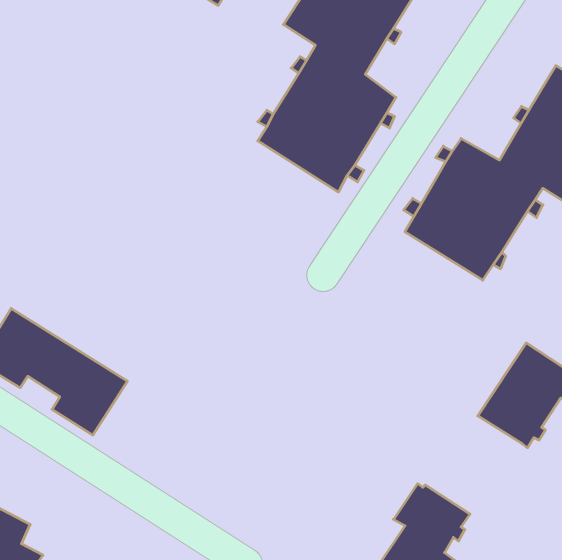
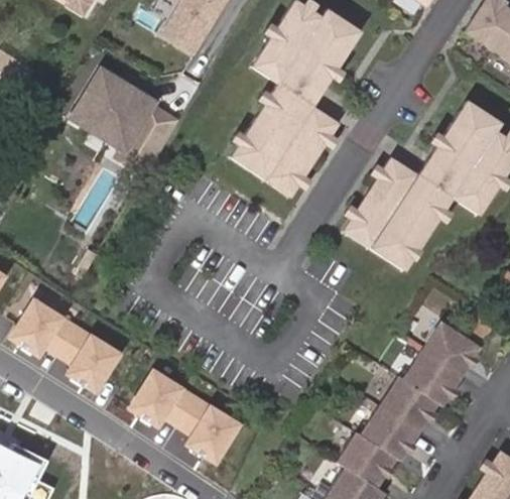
building: none -> [73,70,181,167]
building: none -> [127,365,245,465]
building: none -> [361,375,437,458]

